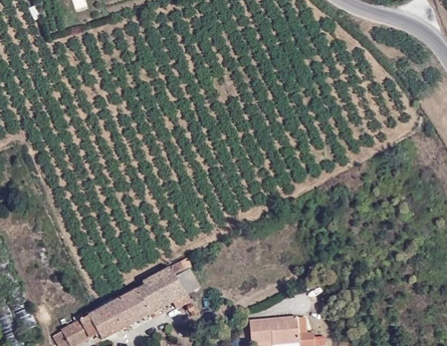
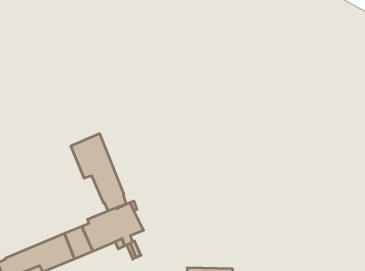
building: none -> [71,134,126,211]

